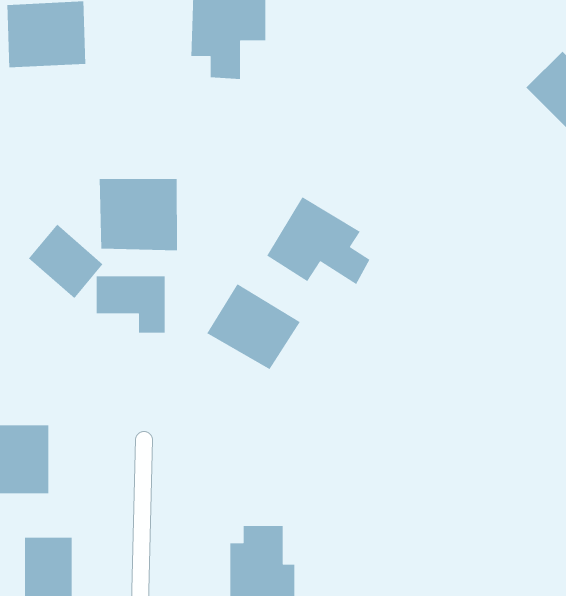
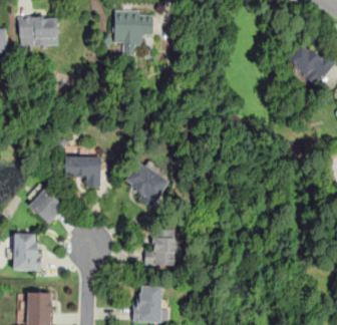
building: [99,178,178,251] -> none
building: [266,196,371,285] -> none
building: [28,224,104,299] -> [24,185,63,224]
building: none -> [143,231,177,266]

